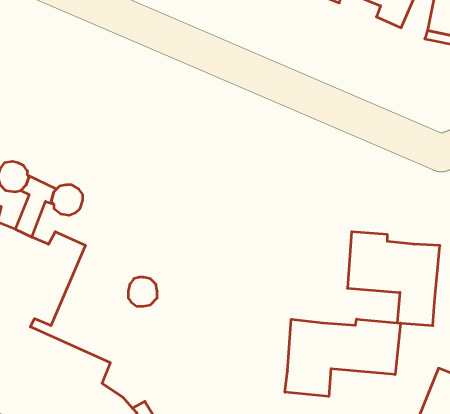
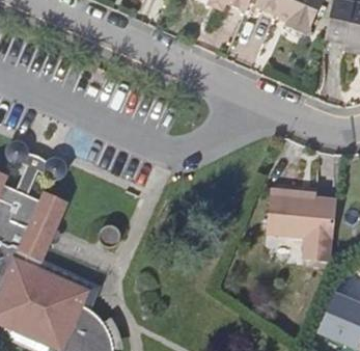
building: [285,319,400,396] -> none

